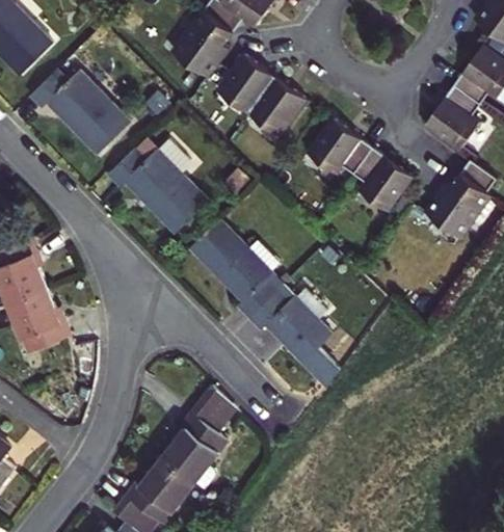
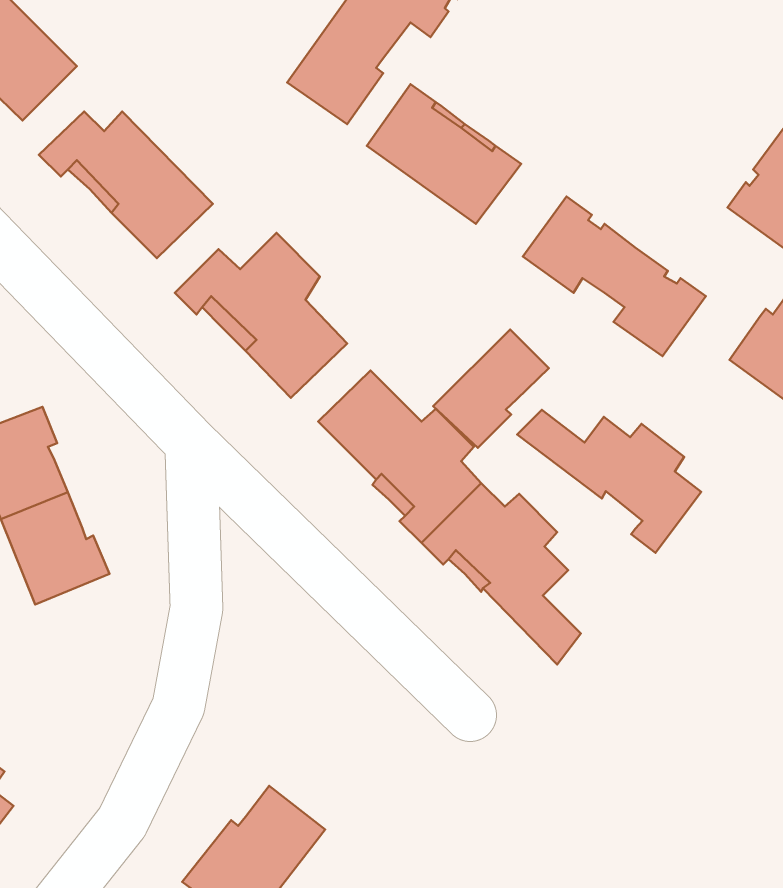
building: none -> [433,330,549,448]
building: none -> [517,410,701,553]
building: [162,383,236,489] -> none

